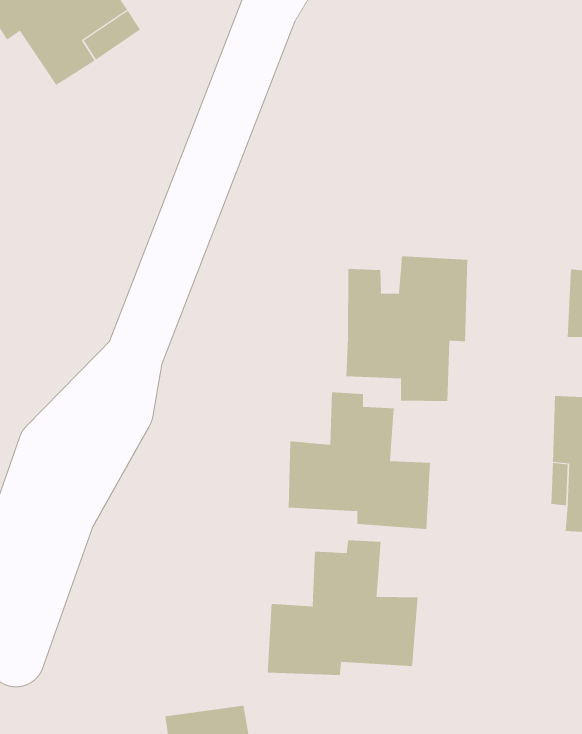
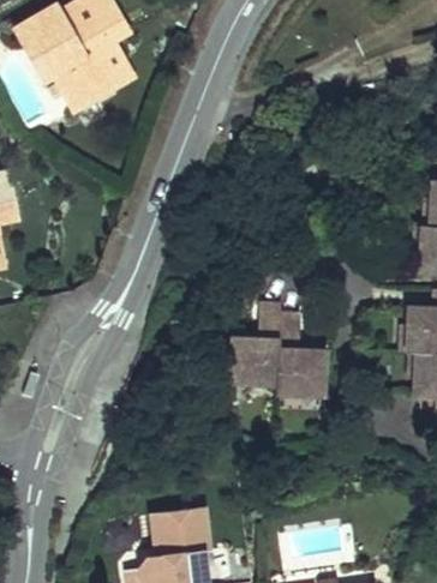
building: [346,256,468,402] -> none
building: [267,539,418,676] -> none

